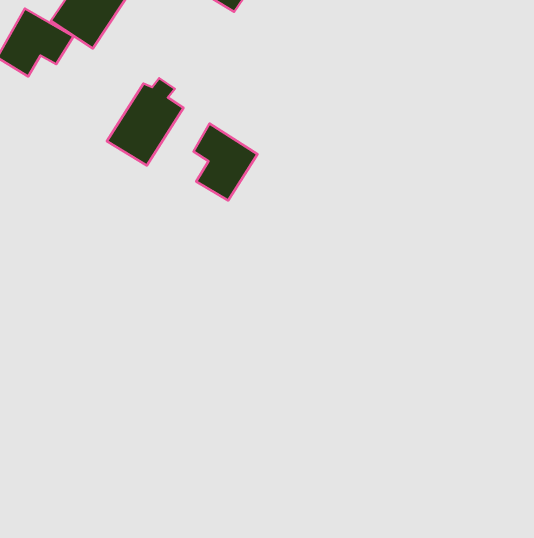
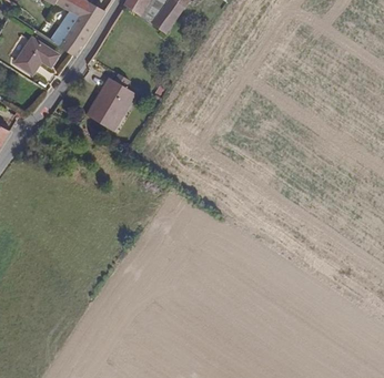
building: [193,124,258,200] -> none

